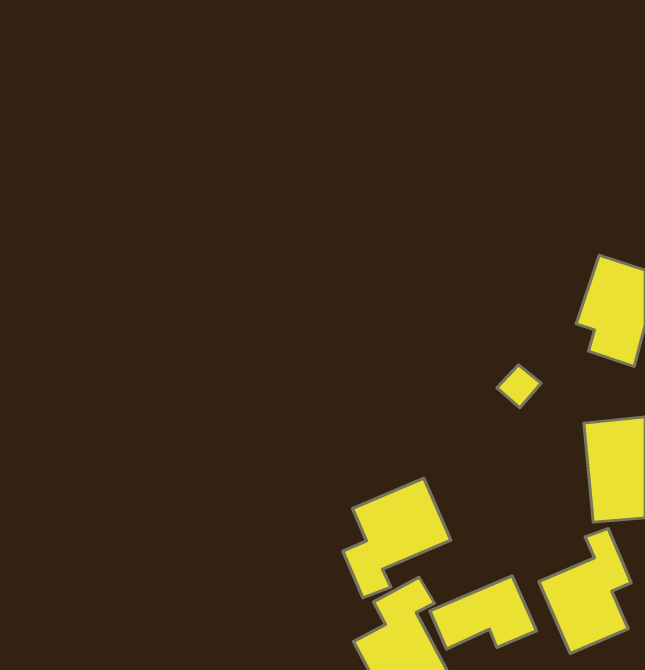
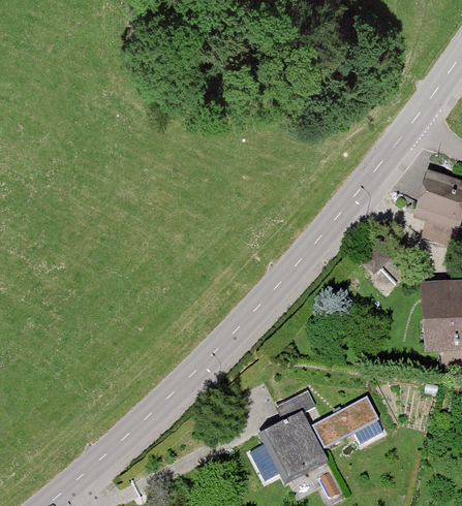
building: [343,478,451,598] -> none
building: [539,528,631,654] -> none

